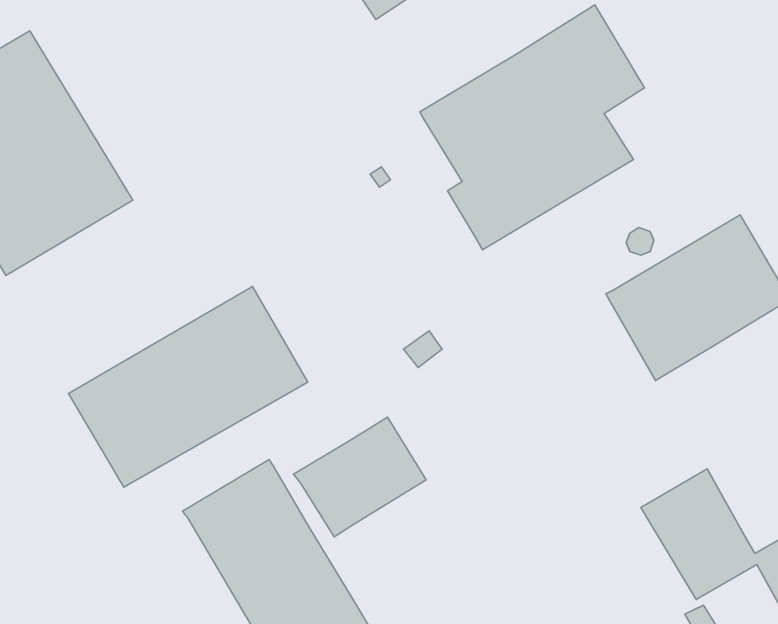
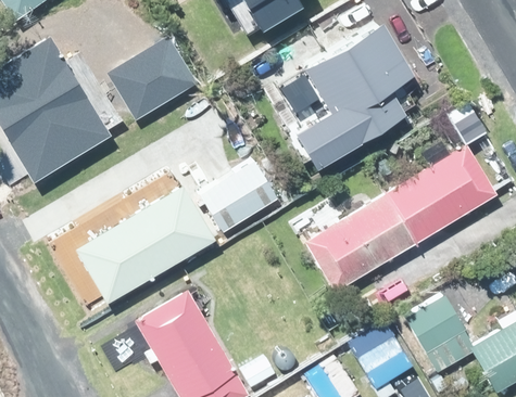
building: none -> [102,37,196,126]
building: none -> [305,192,416,291]
building: [294,417,426,537] -> [201,162,279,232]

